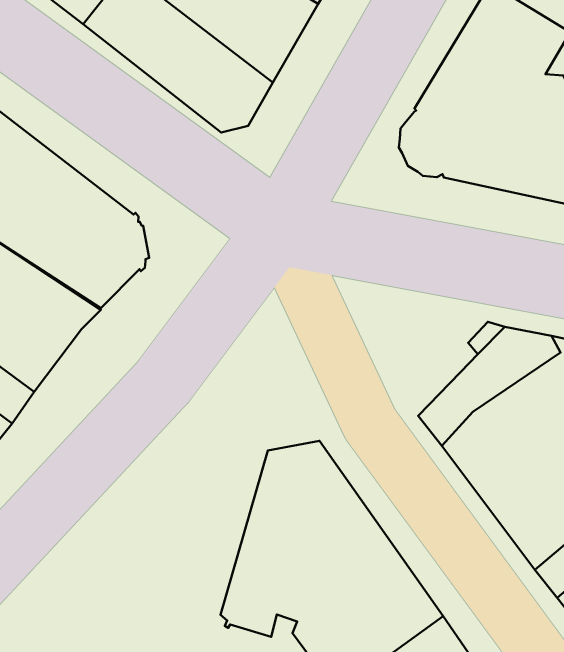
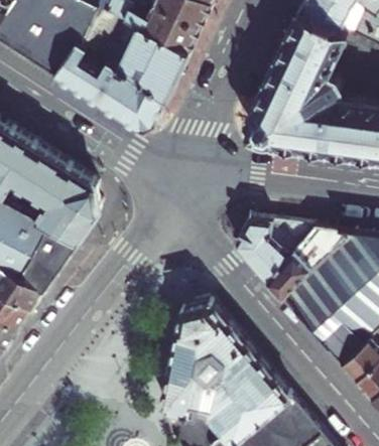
building: none -> [235,217,289,282]

